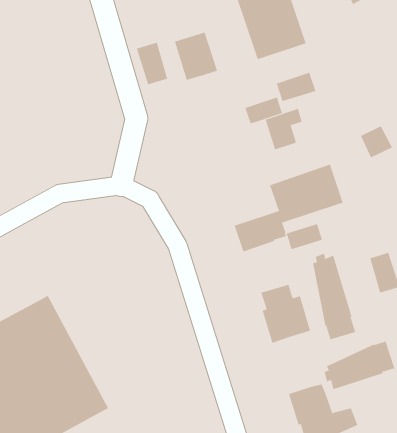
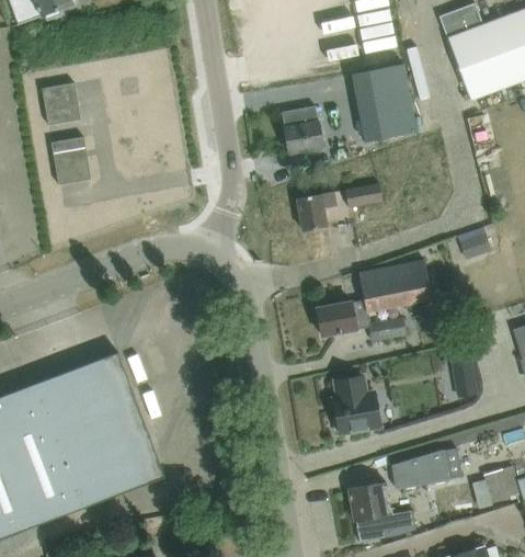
building: [136,42,168,85] -> none
building: [276,72,316,102] -> none
building: [265,108,303,150] -> [297,192,335,231]
building: [312,253,356,340] -> none

